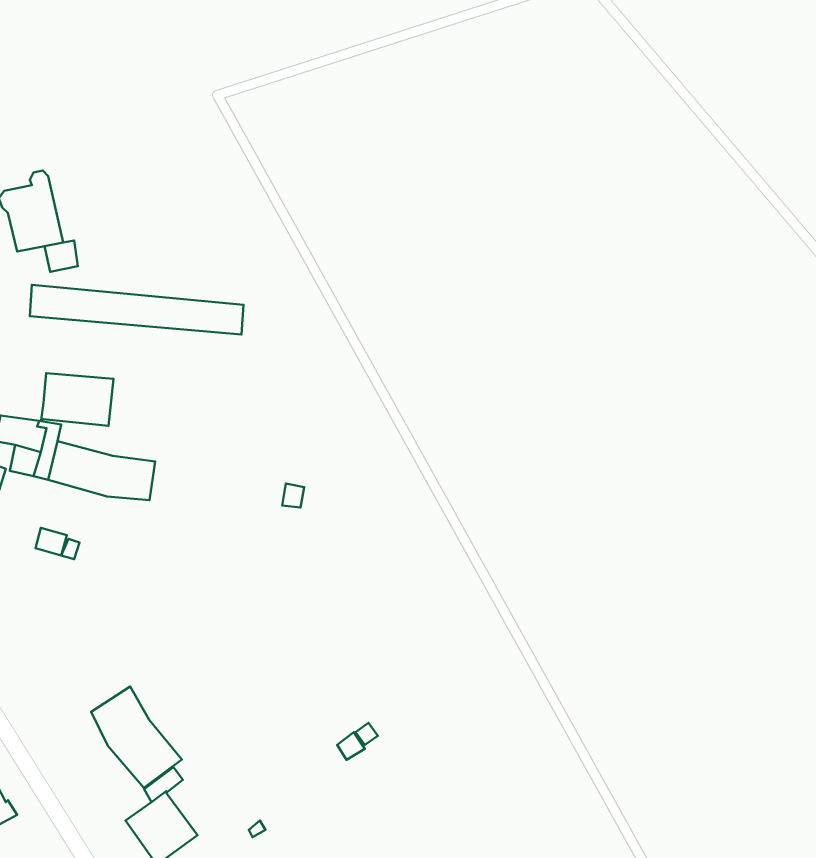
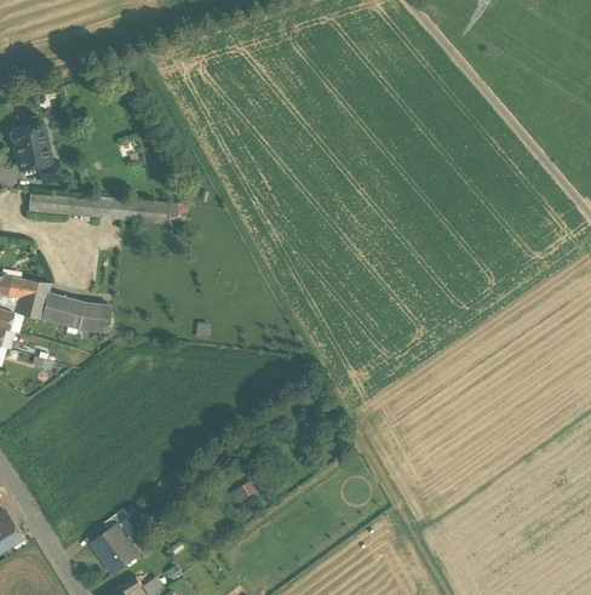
building: [41,373,113,426] -> none
building: [91,687,182,788] -> none

